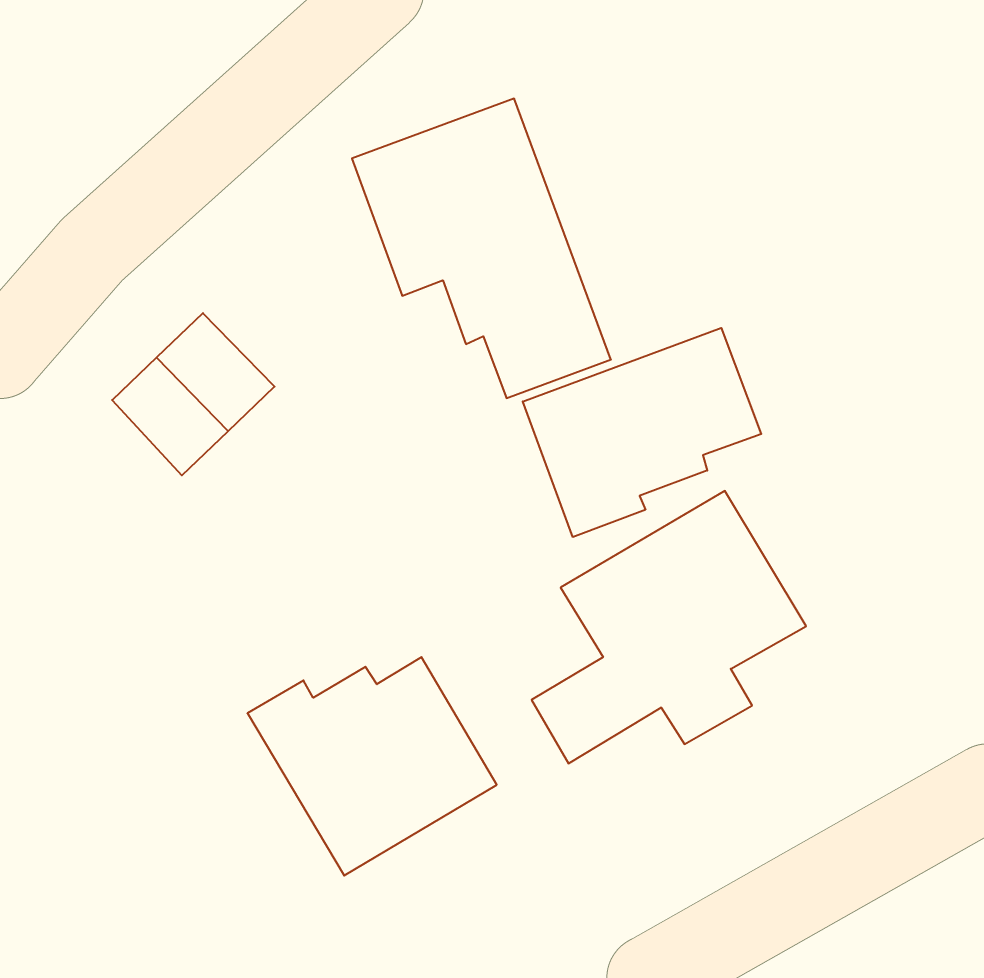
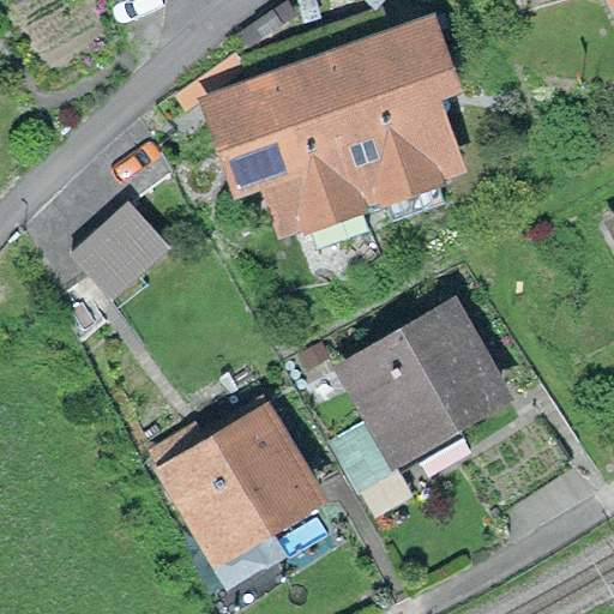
building: none -> [321,23,450,223]
building: [523,328,761,537] -> none

